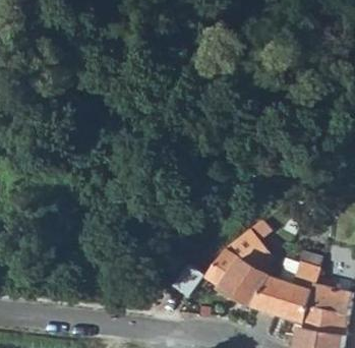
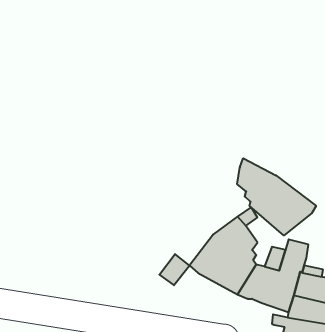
building: none -> [237,158,316,235]

